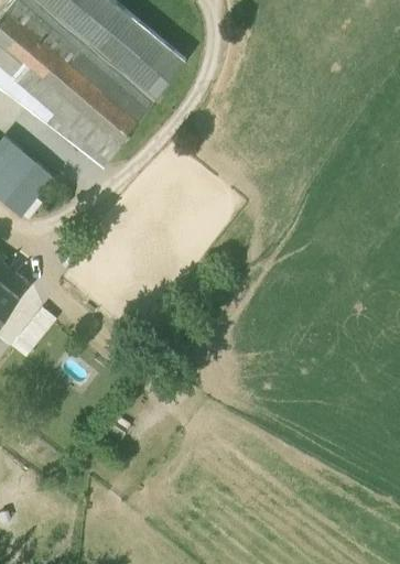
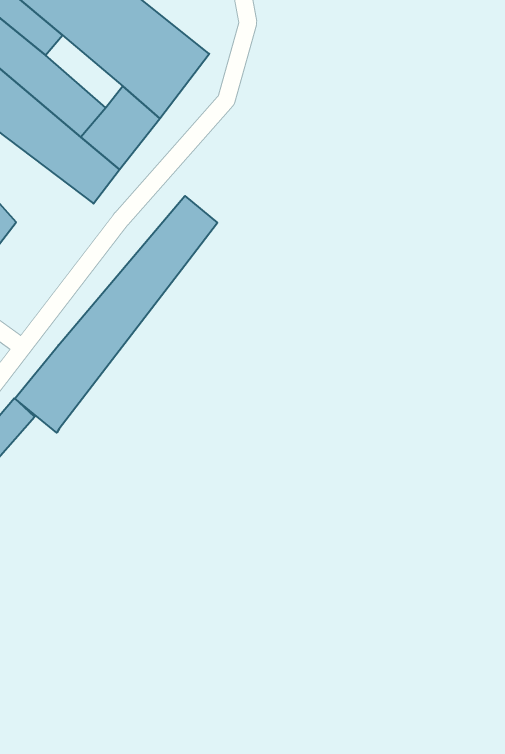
building: [68,46,123,98] -> none
building: none -> [15,196,217,433]

